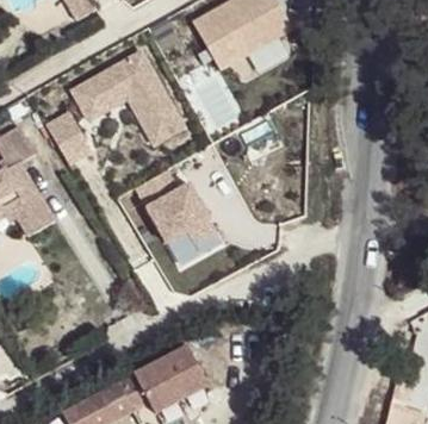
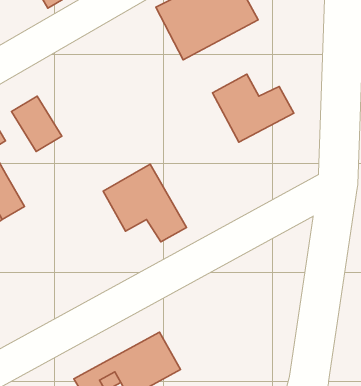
building: [68,50,181,146] -> none
building: none -> [212,74,294,142]

